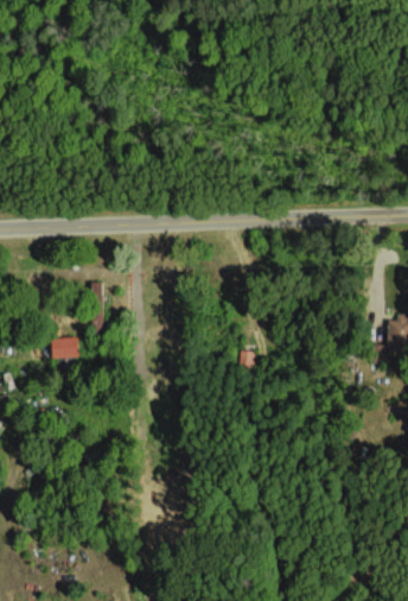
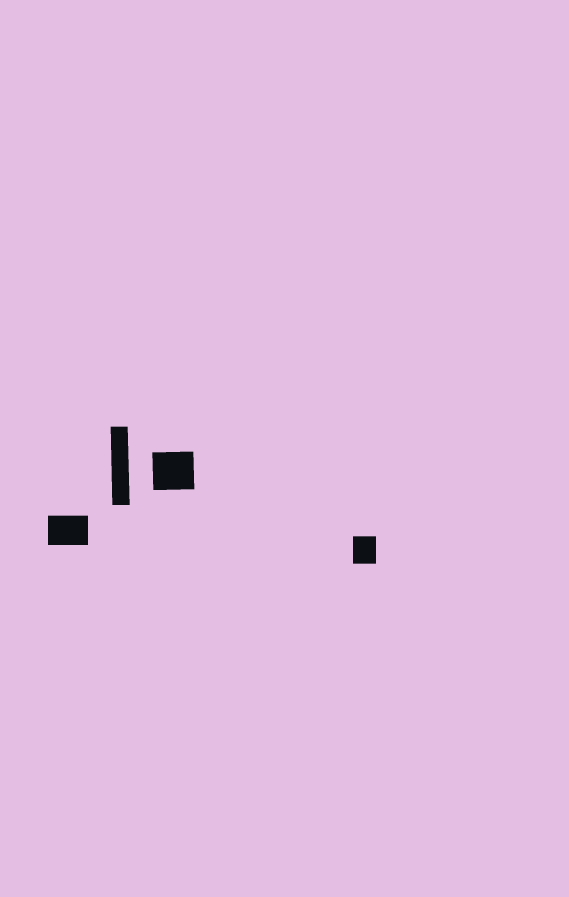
building: none -> [152,451,195,491]

